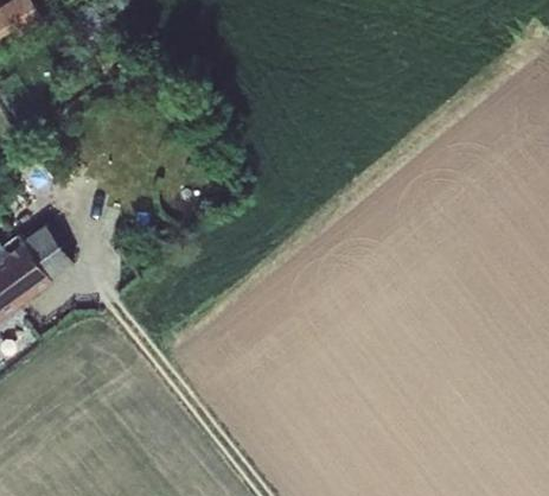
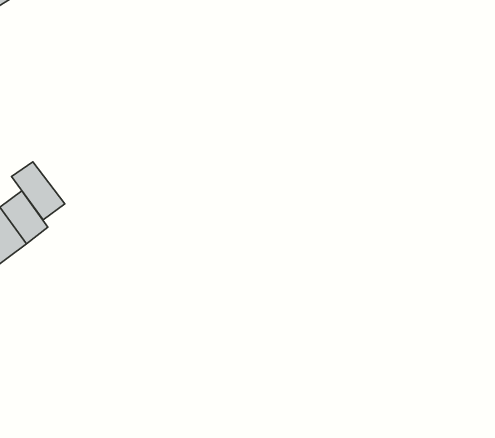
building: none -> [11,162,65,220]

